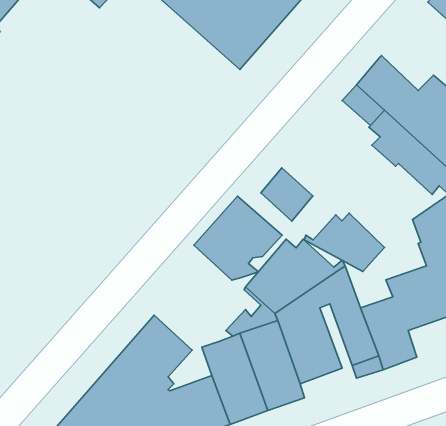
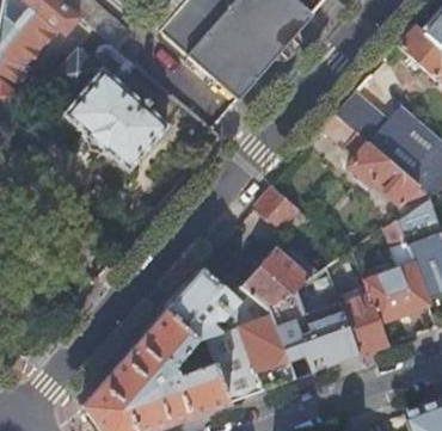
building: none -> [51,45,167,170]
building: [194,196,282,280] -> [165,266,240,338]
building: [304,213,385,271] -> none

